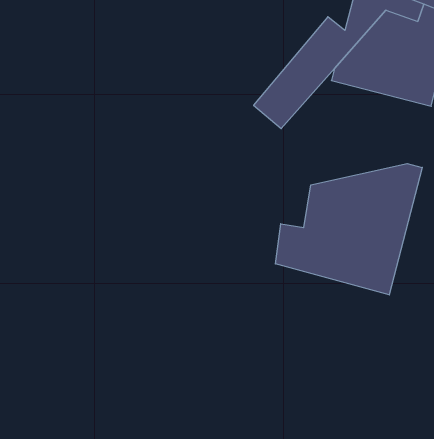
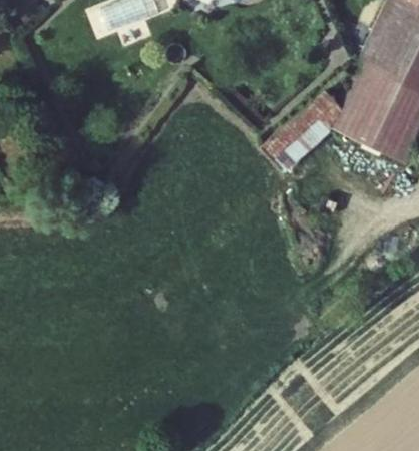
building: [275,164,422,295] -> none

